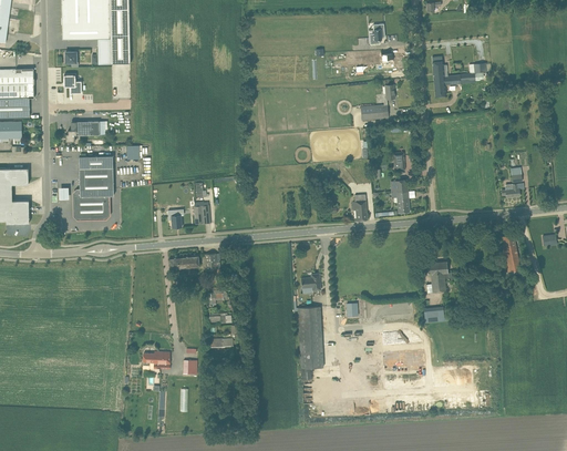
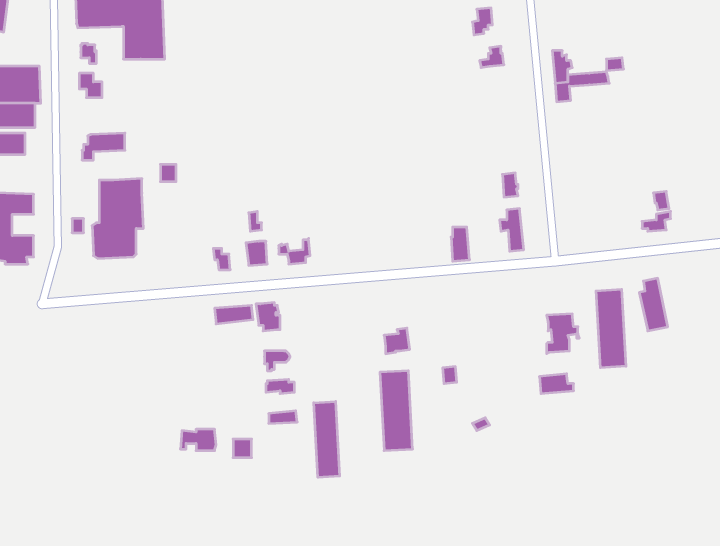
building: [361,84,395,120] -> none
building: none -> [596,289,626,368]
building: none -> [314,401,340,477]

